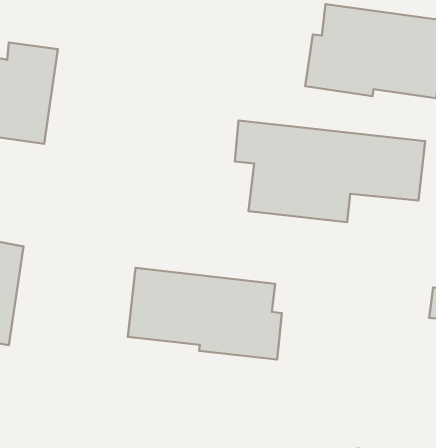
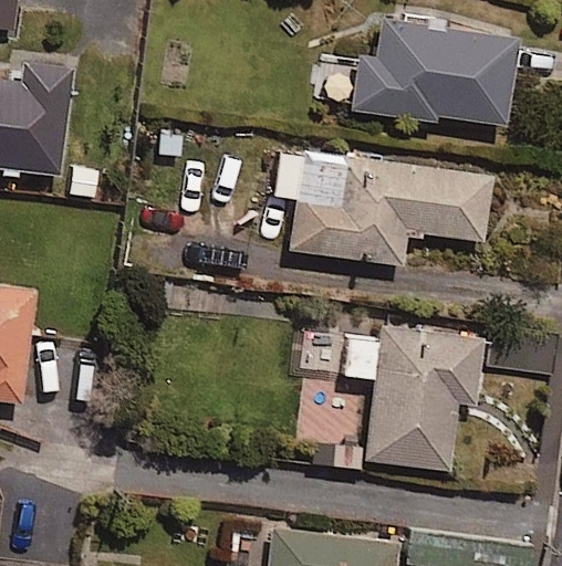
building: [128,268,282,359] -> none
building: none -> [345,328,481,472]

